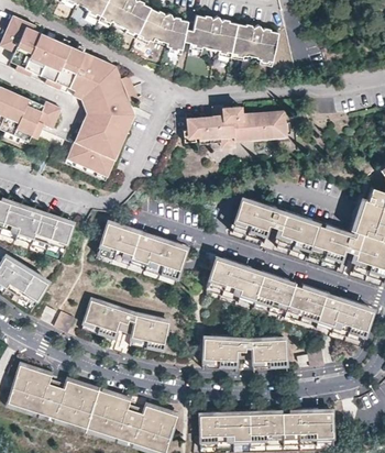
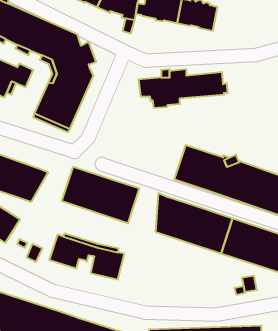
building: [201,335,285,369] -> none

